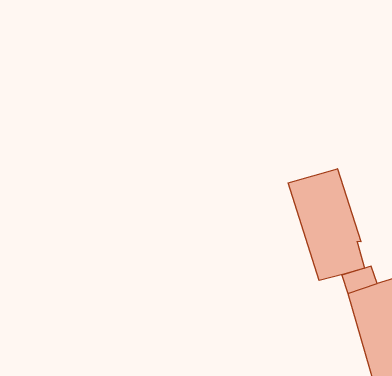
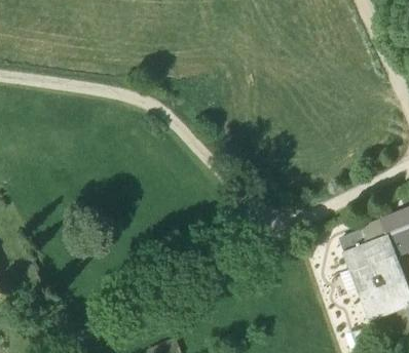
building: [288,169,365,280] -> none

